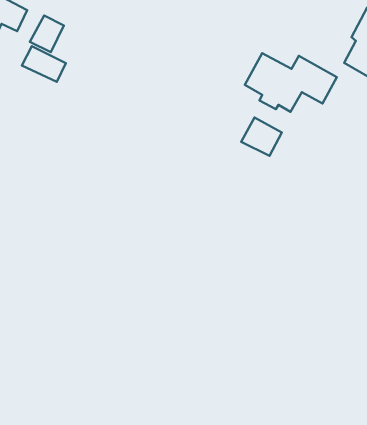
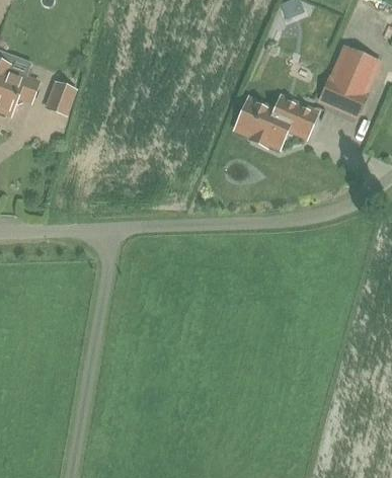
building: [22,46,66,82] -> none
building: [241,117,282,156] -> none

